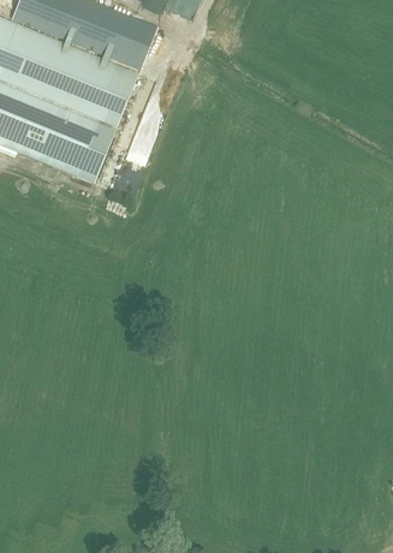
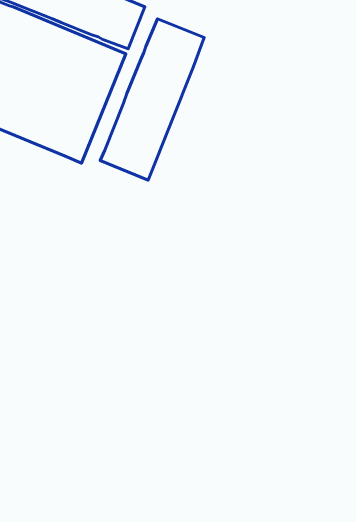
building: none -> [100,19,204,180]

